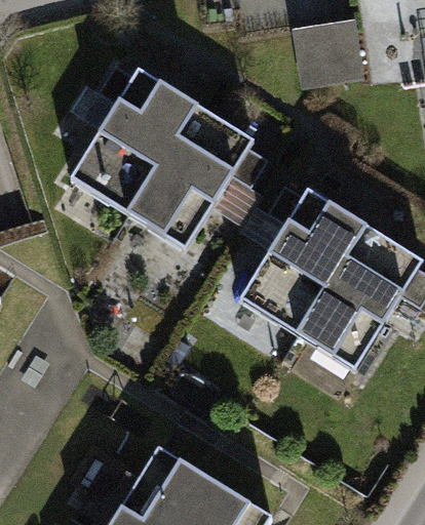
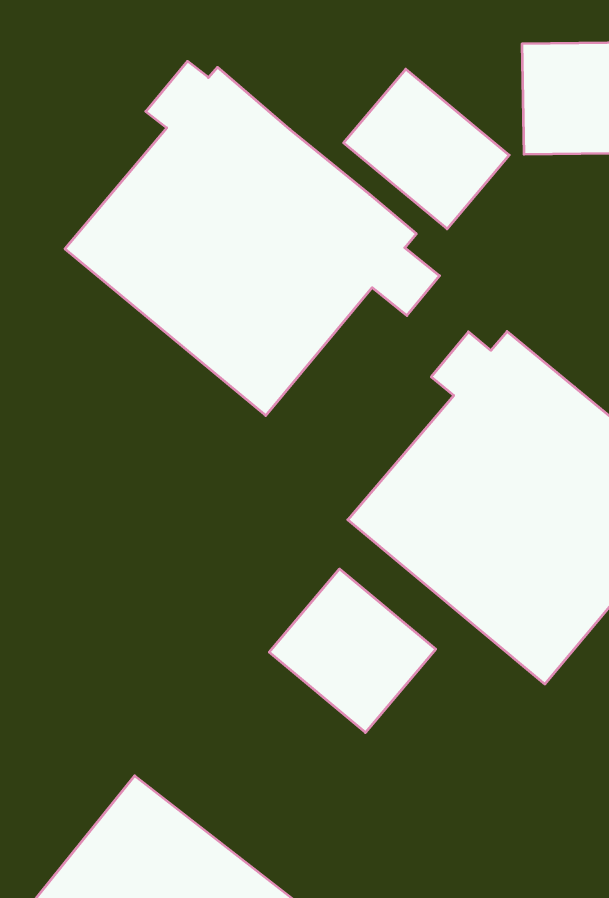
building: none -> [344,69,509,229]
building: none -> [269,569,436,733]

